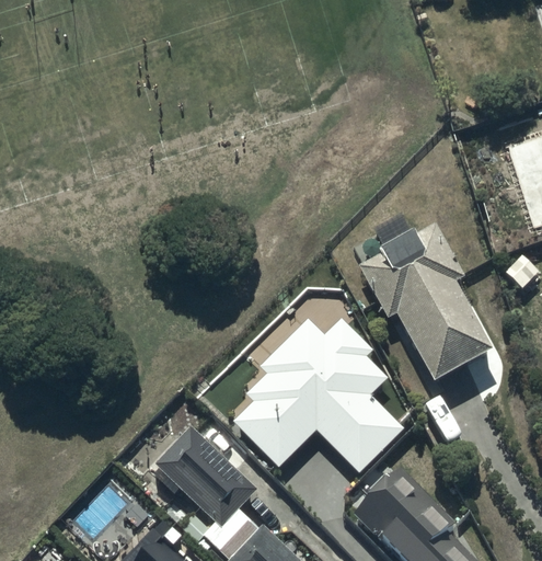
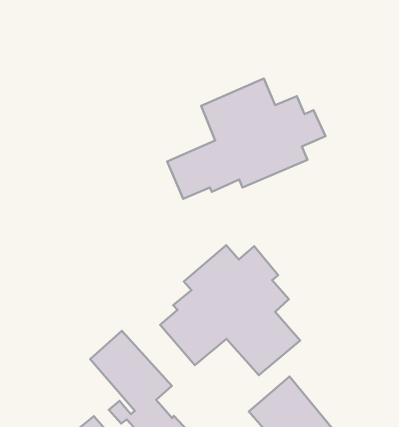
building: none -> [167,78,326,199]
building: [360,225,492,383] -> none

